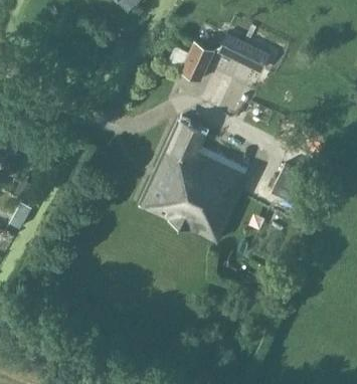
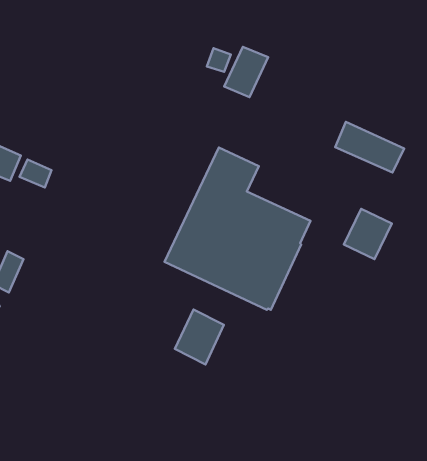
building: [218,32,271,70] -> [335,122,404,172]
building: none -> [175,309,224,364]

